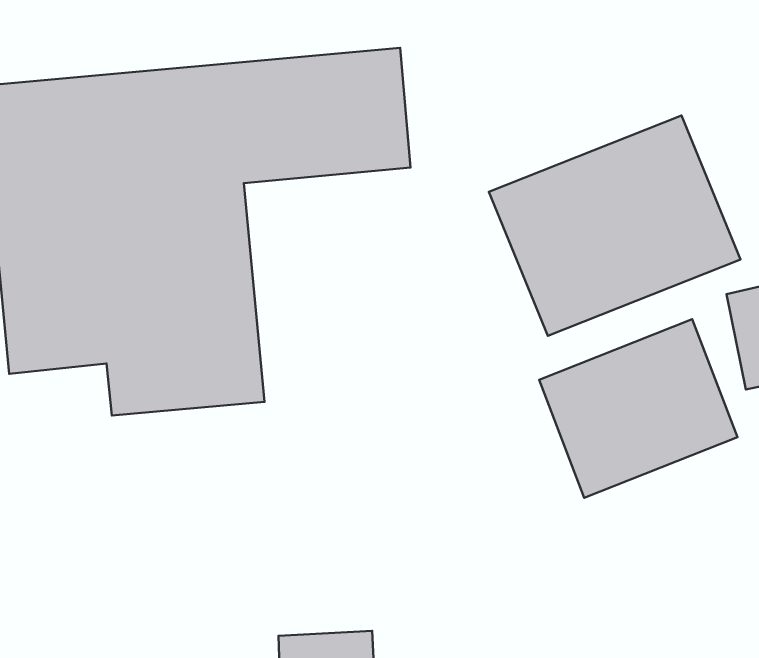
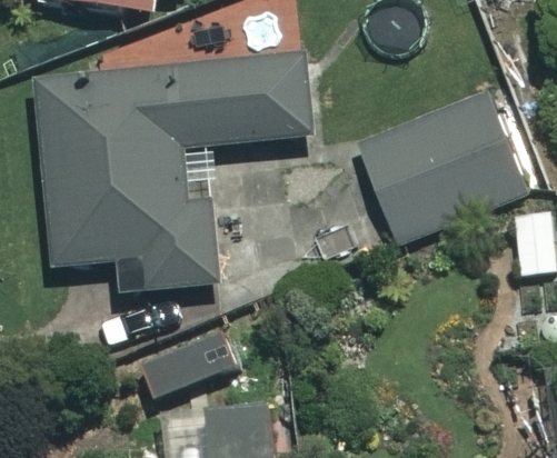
building: [539,319,738,498] -> none

